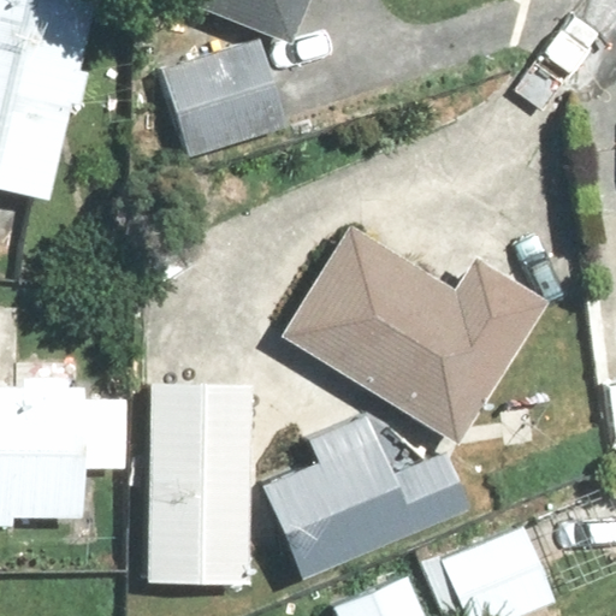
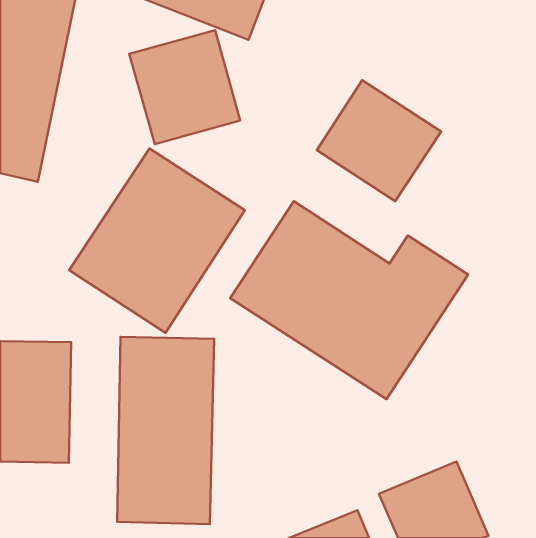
building: none -> [317,80,441,201]
building: none -> [69,148,245,333]
building: [261,415,464,575] -> none

